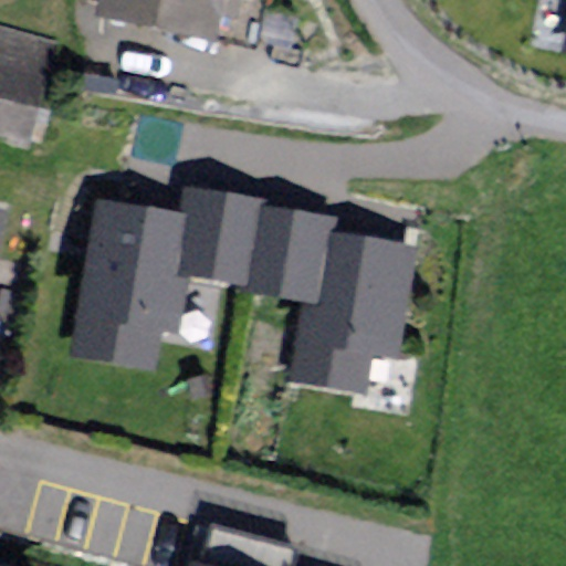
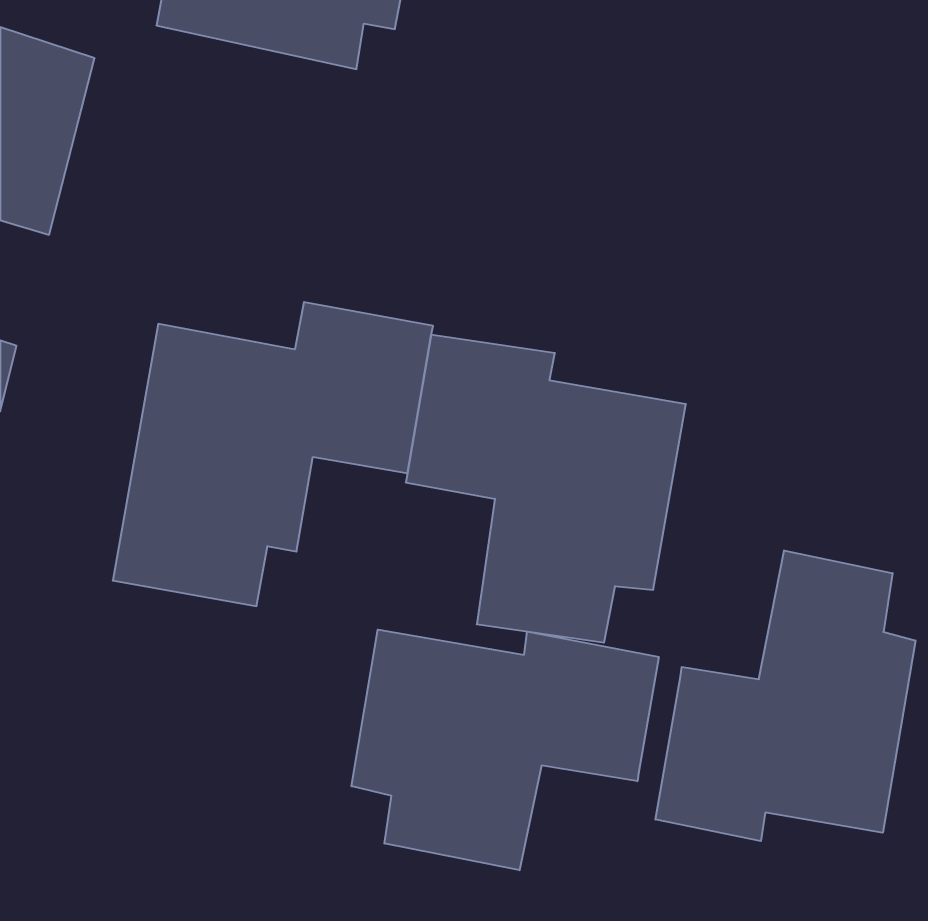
building: none -> [655,550,915,841]
building: none -> [351,630,659,870]

